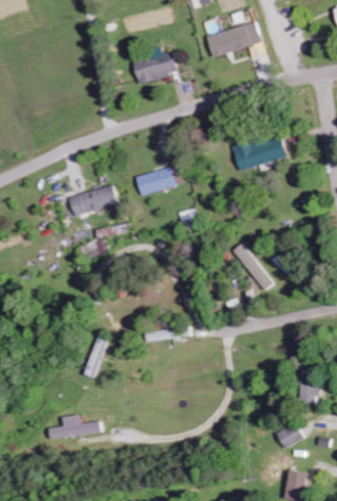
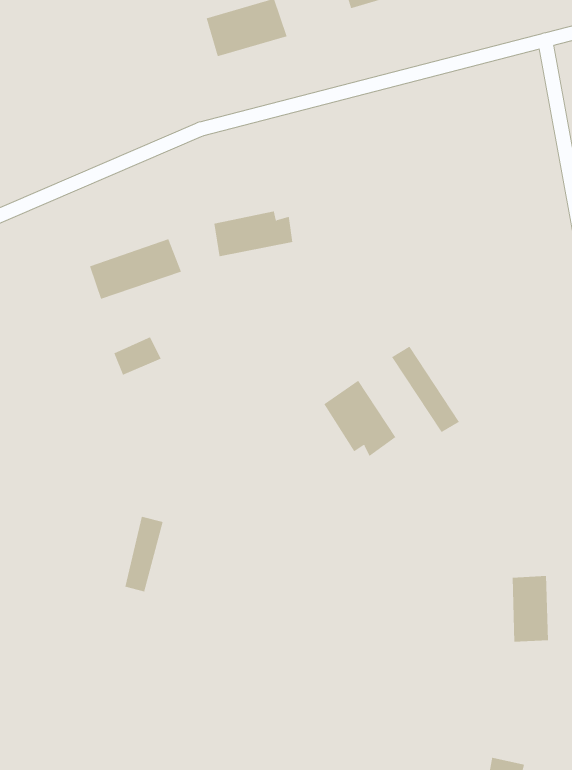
building: [231,134,286,170] -> none
building: none -> [323,380,396,457]
building: [47,414,102,440] -> none
building: [277,423,305,449] -> none

